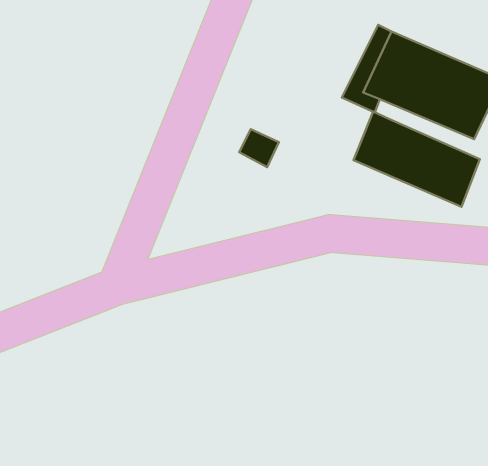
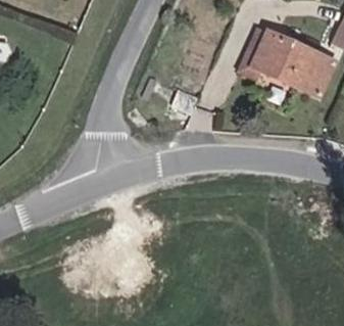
building: [354,112,480,207] -> none

